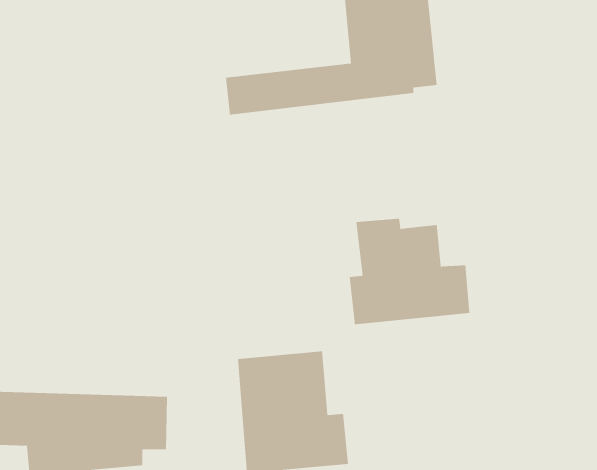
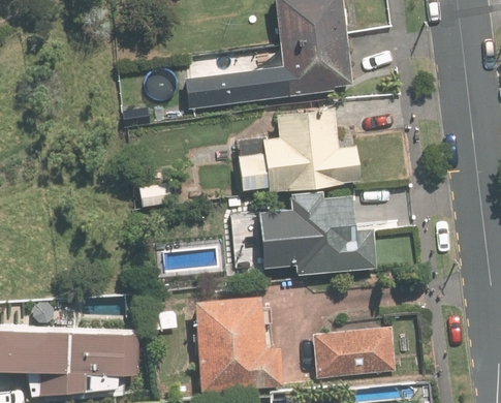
building: none -> [263,107,359,193]
building: none -> [312,328,395,380]

